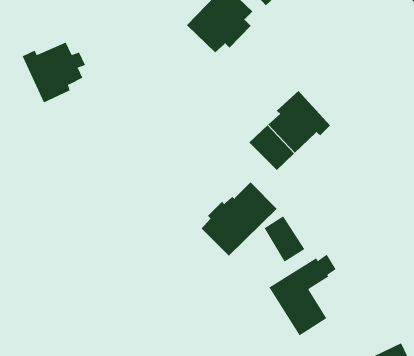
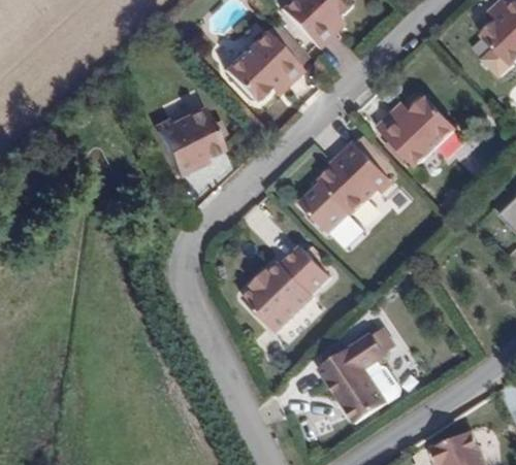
building: [22,42,86,103] -> [151,106,224,176]
building: none -> [375,96,454,166]
building: [264,215,305,263] -> none

